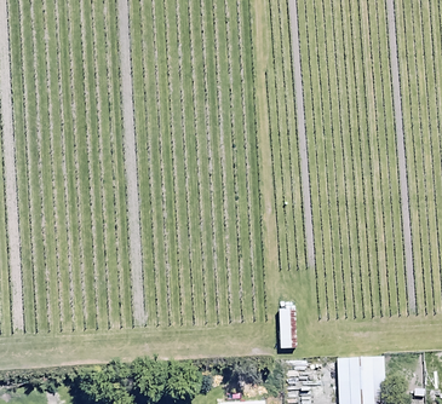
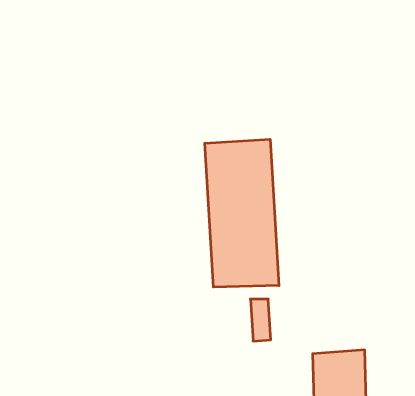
building: none -> [205,139,279,287]

